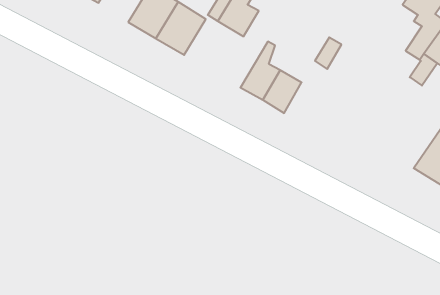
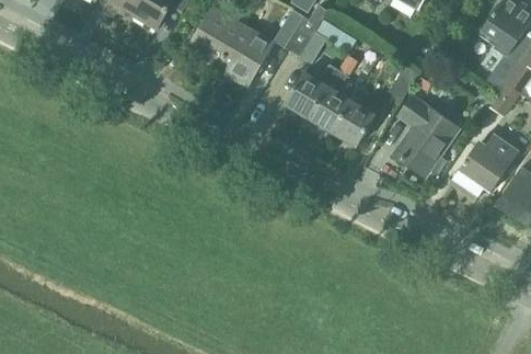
building: none -> [285,64,337,118]
building: none -> [393,96,458,175]
building: none -> [450,135,517,199]

